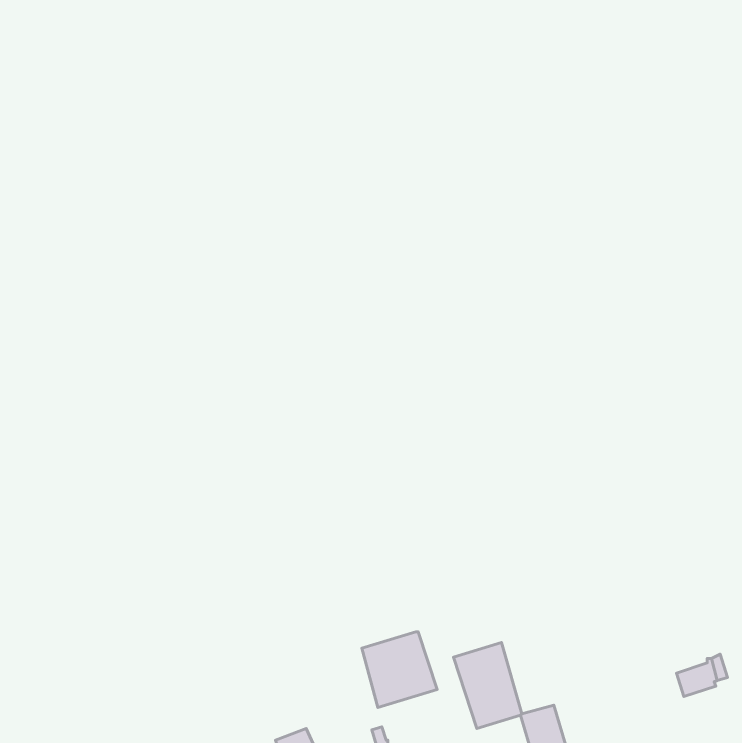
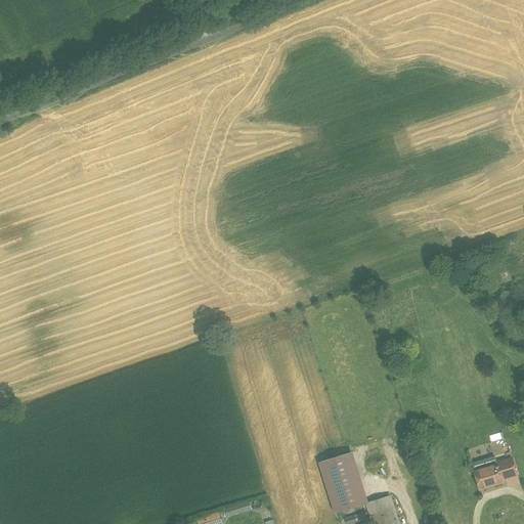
building: [362,632,437,708] -> none

